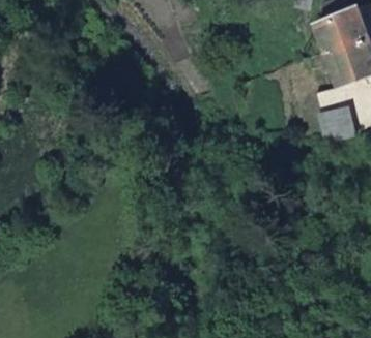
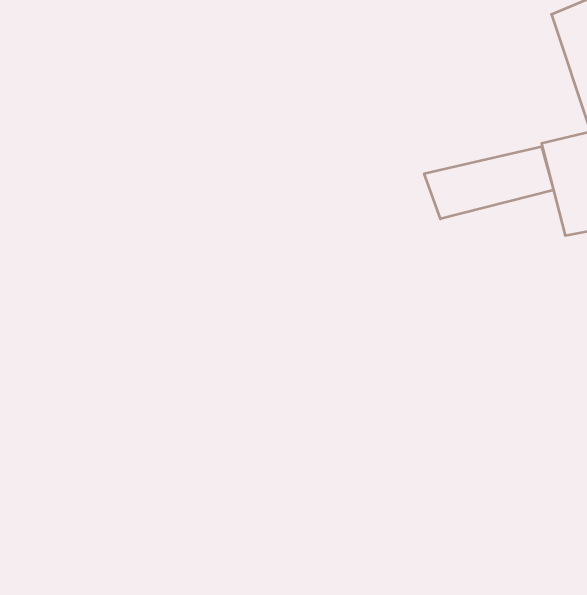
building: none -> [424,147,554,219]

